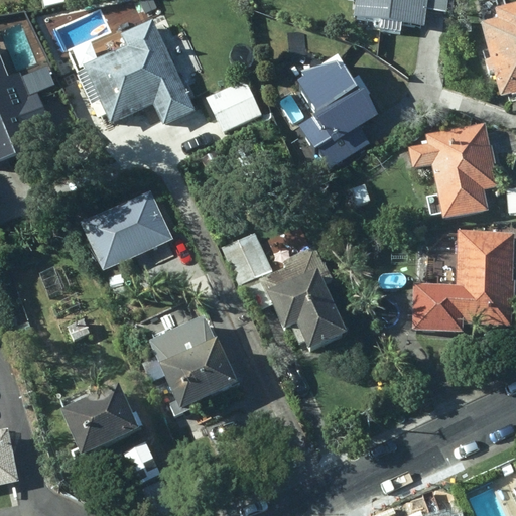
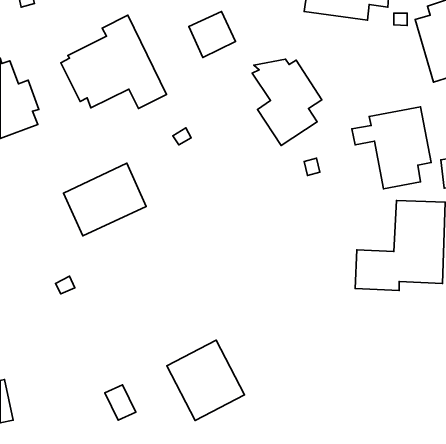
building: [208,77,261,129] -> [189,12,235,57]
building: [225,231,345,351] -> none
building: [145,320,234,412] -> [167,340,244,421]
building: [58,388,133,457] -> none

